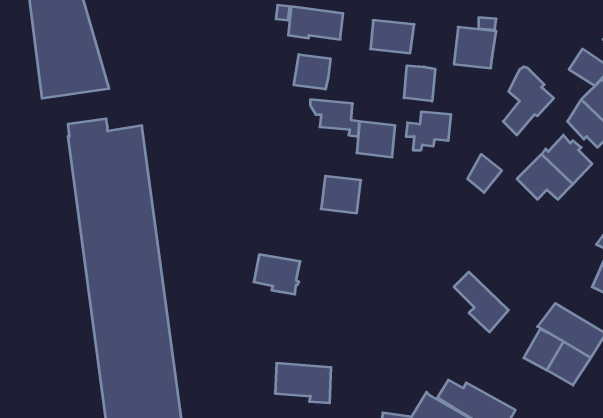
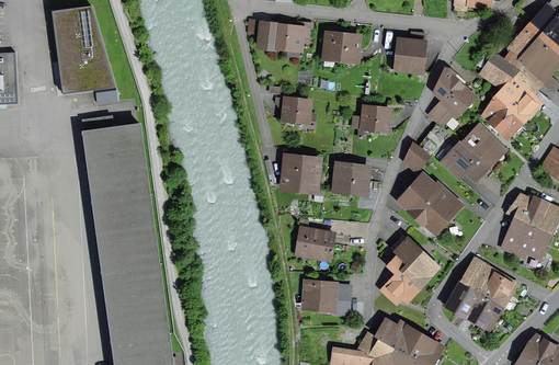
building: [294,54,330,89] -> none
building: [404,66,435,101] -> none
building: [357,122,395,157] -> [336,164,367,193]
building: none -> [400,176,457,231]
building: [254,255,300,294] -> [297,228,334,260]
building: none -> [384,255,420,303]
building: [275,363,331,403] -> [305,283,350,315]

